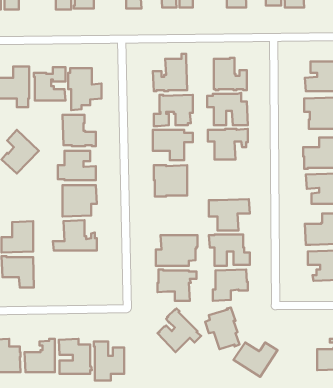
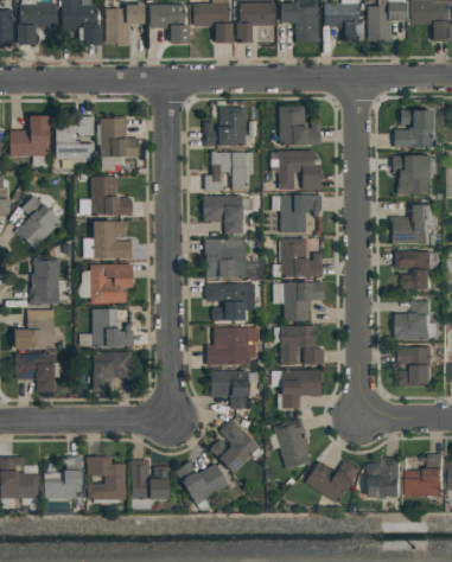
building: none -> [272,238,323,279]
building: none -> [30,257,70,306]
building: none -> [204,283,244,321]
building: none -> [93,352,132,392]
building: none -> [365,456,403,506]
building: none -> [174,461,228,511]

